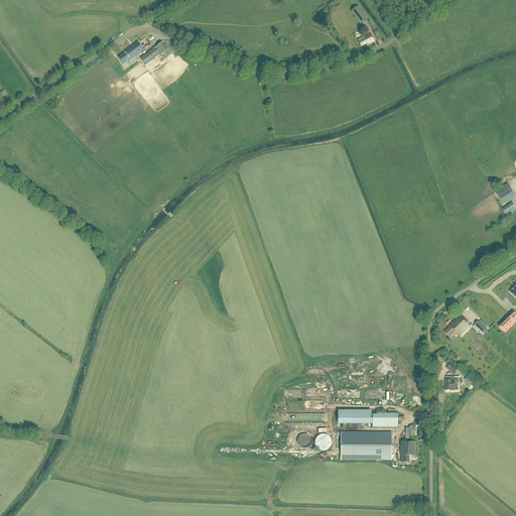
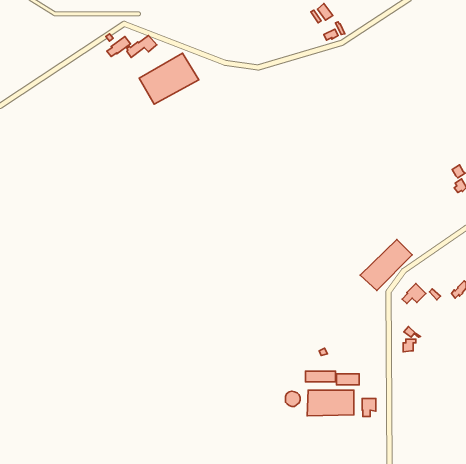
building: none -> [139,53,199,104]
building: none -> [360,240,412,290]

